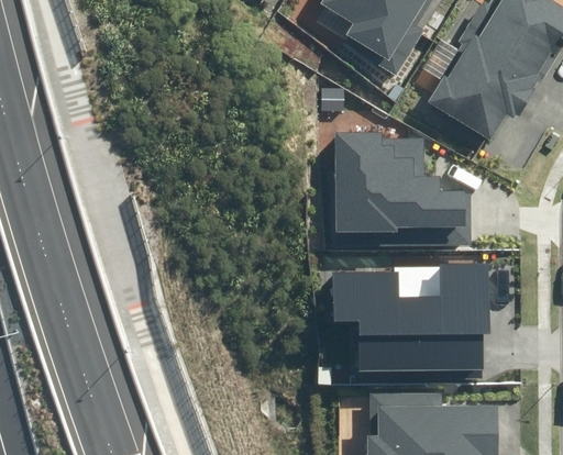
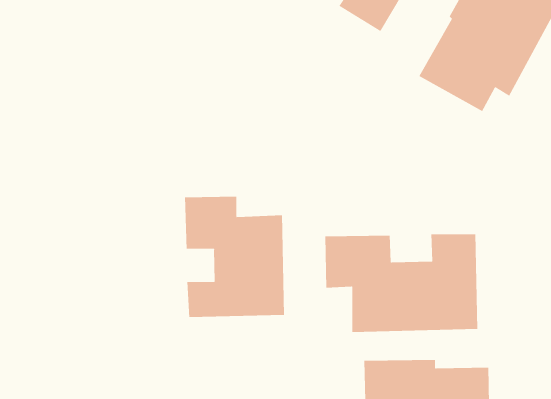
building: [334,133,465,232] -> none
building: none -> [185,196,284,318]

